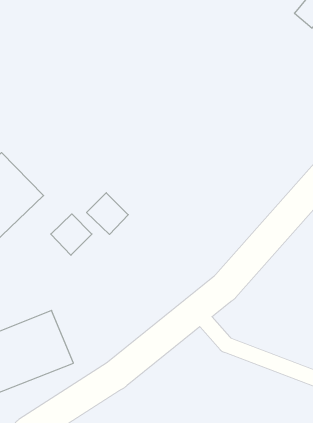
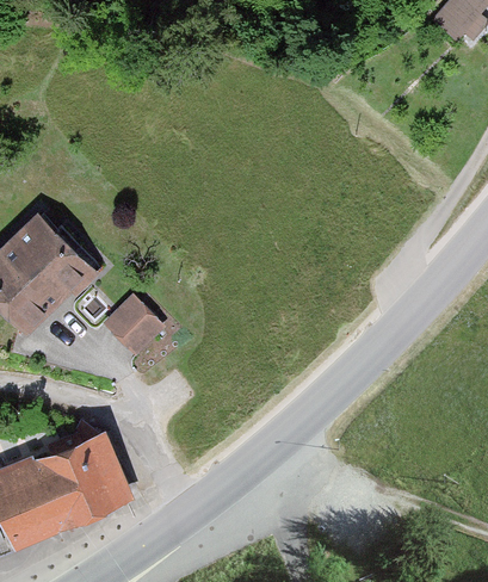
building: [87,193,128,234] -> none

